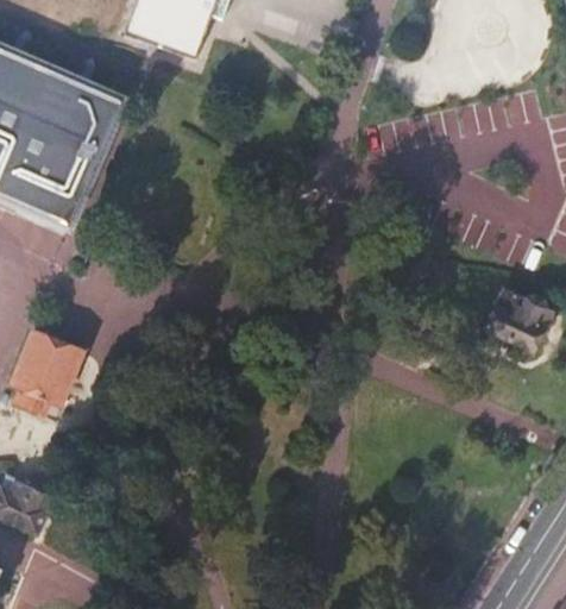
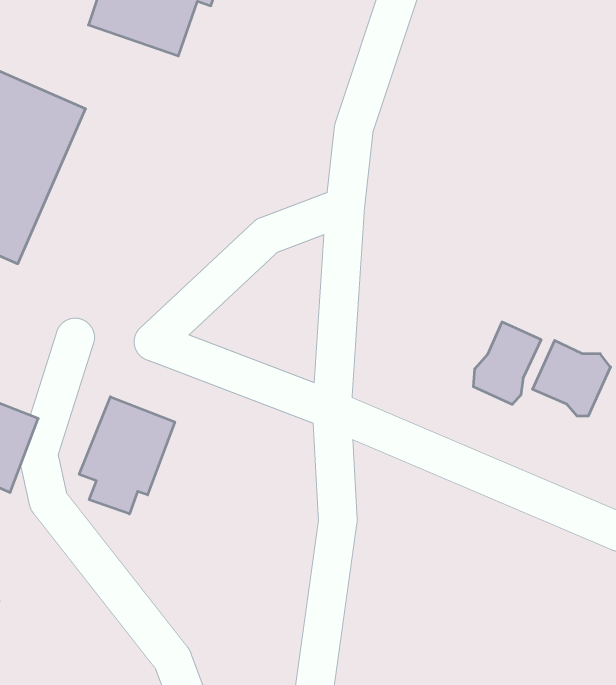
building: none -> [473,322,541,404]
building: none -> [79,397,175,514]

